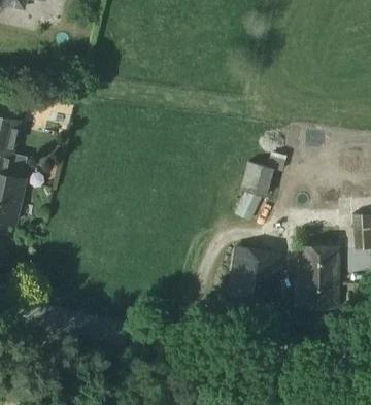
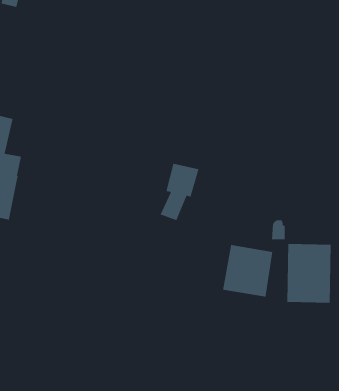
building: [233,161,273,220] -> [159,163,199,221]

